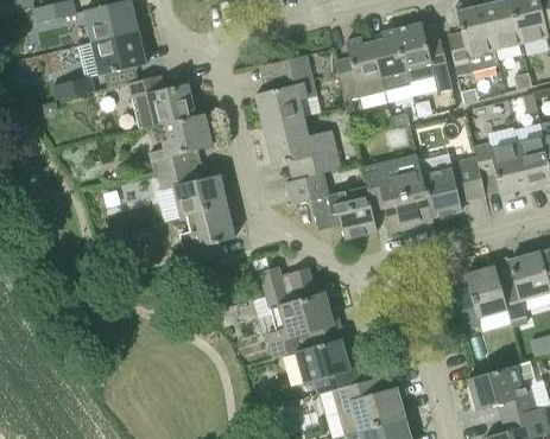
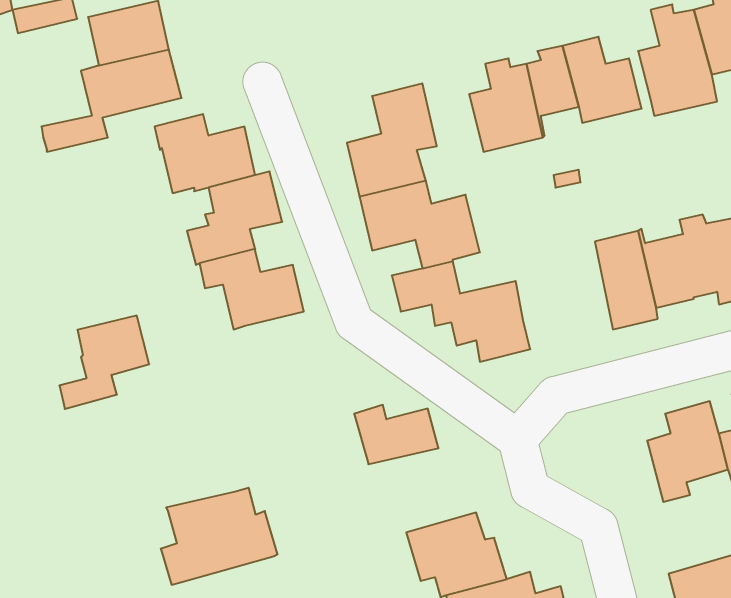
building: [362,153,431,228] -> none
building: [176,206,235,268] -> [59,316,149,409]
building: [266,294,343,358] -> [161,488,278,585]

